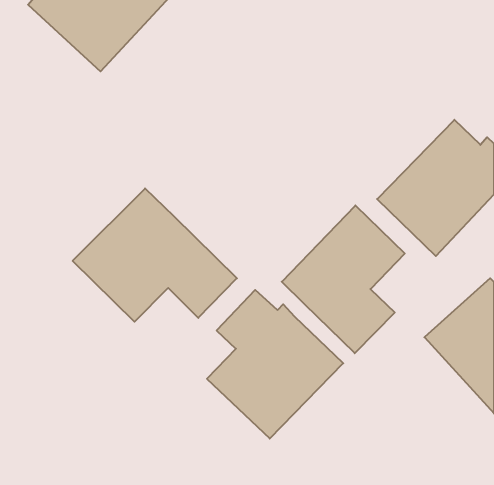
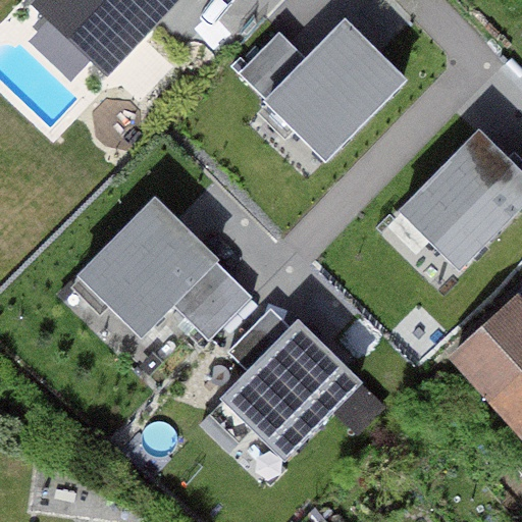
building: none -> [240,19,407,163]
building: [282,205,405,353] -> none

